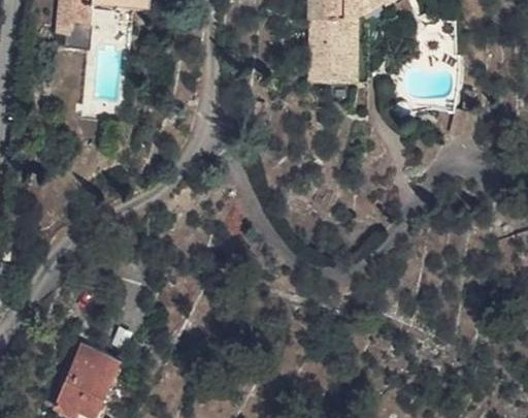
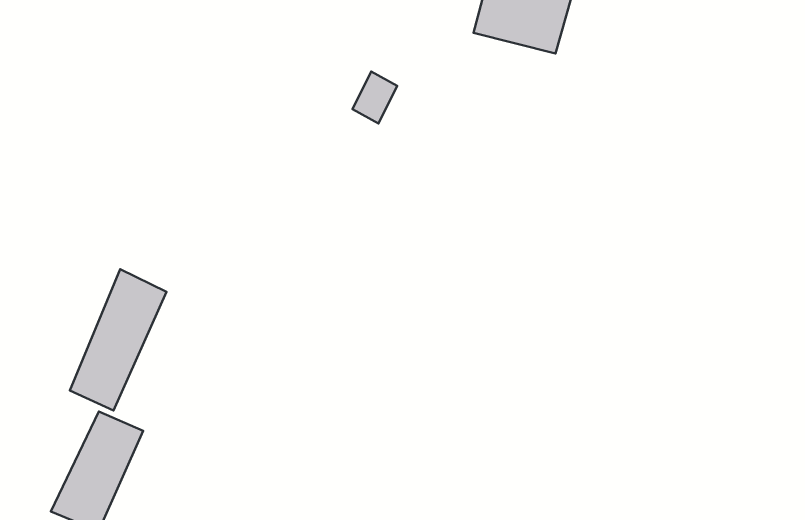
building: none -> [70,269,166,411]

